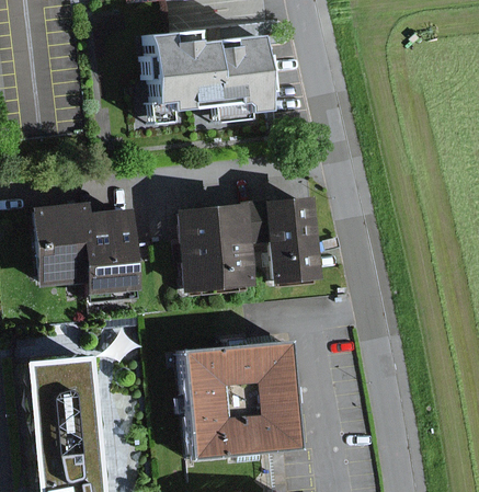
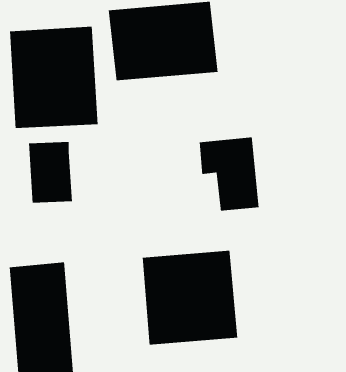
building: none -> [9,26,98,129]
building: [184,204,259,294] -> none
building: [91,213,144,294] -> none

